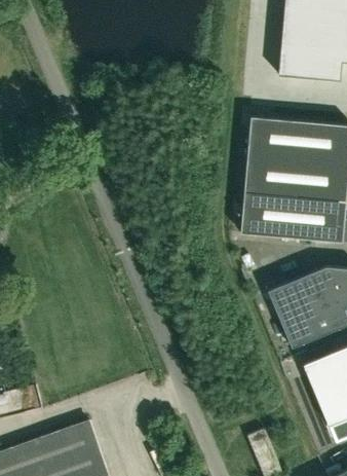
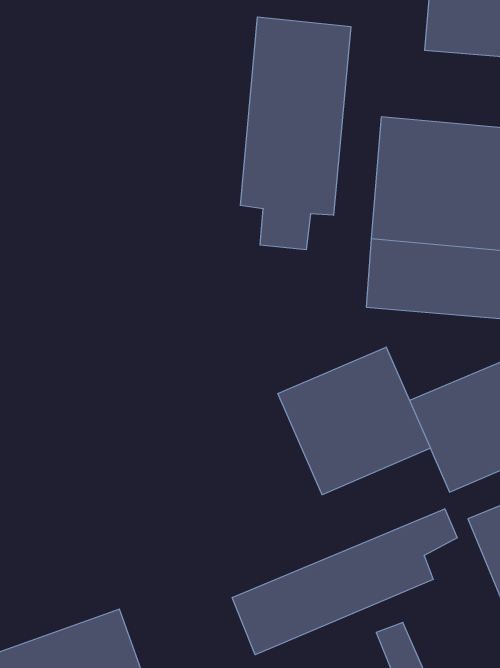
building: none -> [240,17,351,250]
building: none -> [278,347,430,495]
building: none -> [232,509,457,655]

